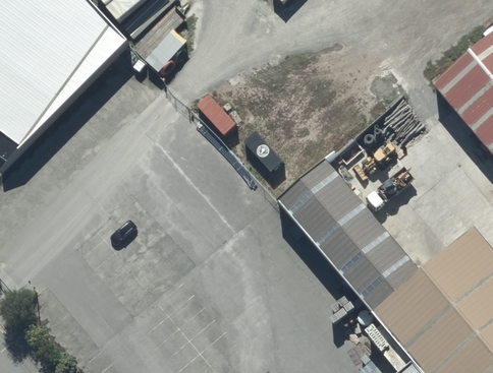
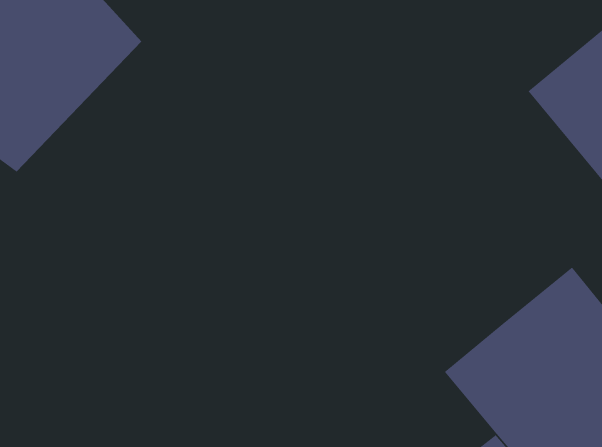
building: [281,163,412,304] -> none

